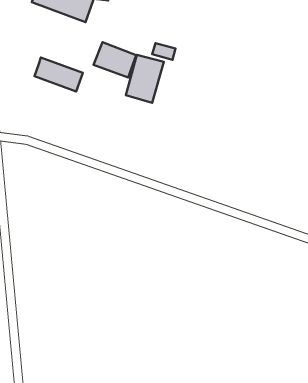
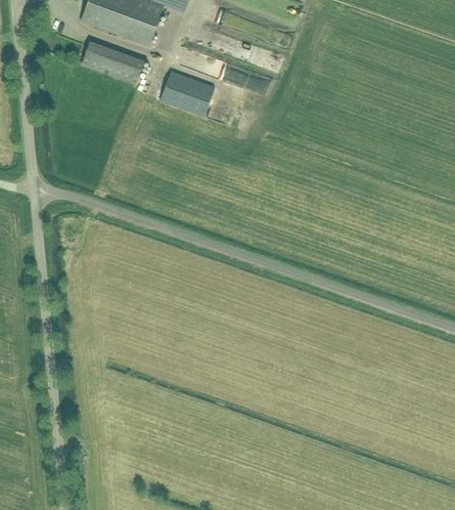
building: [126,55,164,103] -> none
building: [35,58,83,91] -> [82,41,143,84]

